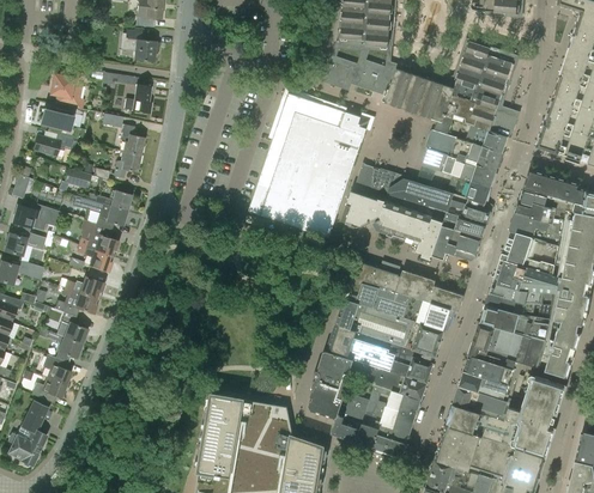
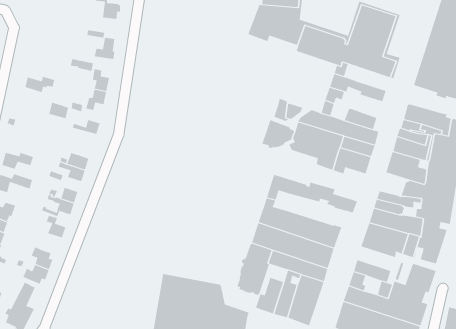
building: [51,71,84,108] -> none
building: [248,92,370,238] -> none
building: [41,104,79,136] -> none
building: [465,124,507,153] -> none
building: [456,160,497,188] -> none
building: [73,195,127,229] -> none
building: [12,203,60,227] -> none
building: [492,258,531,290] -> none
building: [356,282,451,329] -> none
building: [37,328,83,363] -> none
building: [463,354,514,385] -> none

